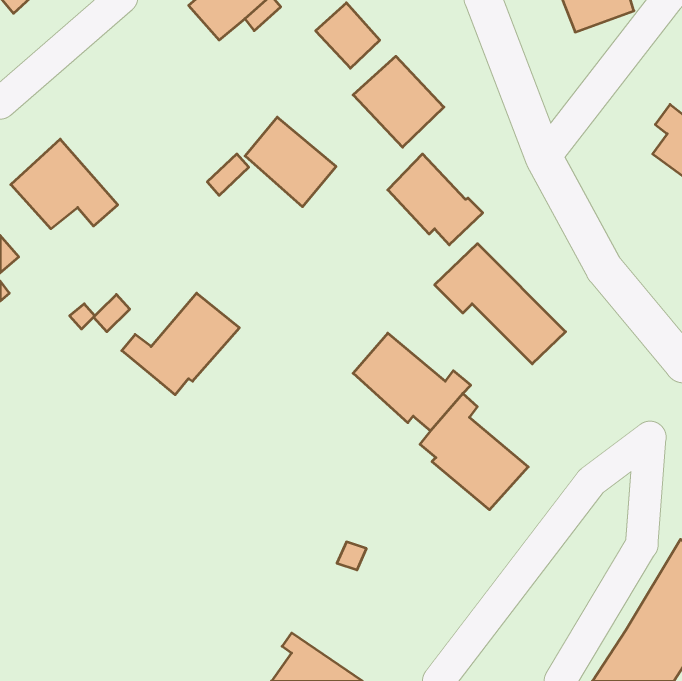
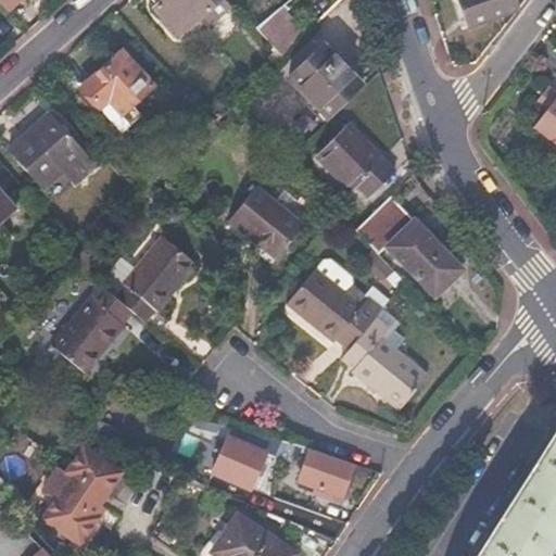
building: none -> [81,50,153,113]
building: [245,117,336,207] -> [226,188,300,261]
building: none -> [52,285,131,370]
building: none -> [214,440,265,489]
building: none -> [42,447,123,545]
building: none -> [299,448,355,502]

